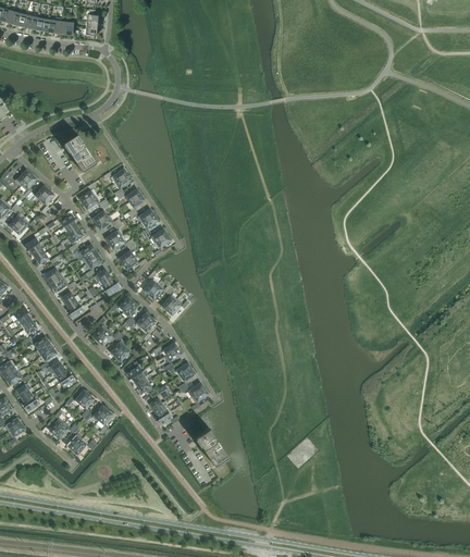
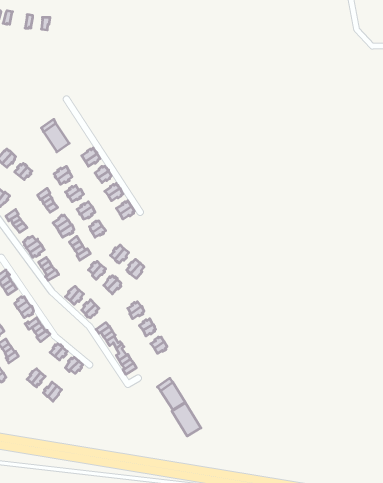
building: none -> [172,403,201,436]

